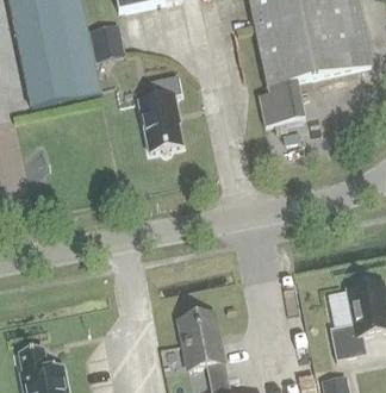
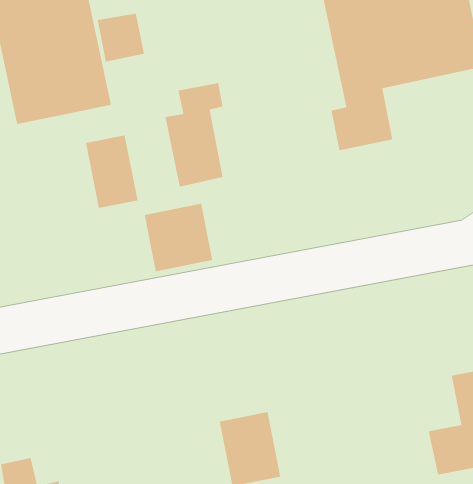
building: none -> [85,134,139,209]
building: none -> [144,203,213,272]

